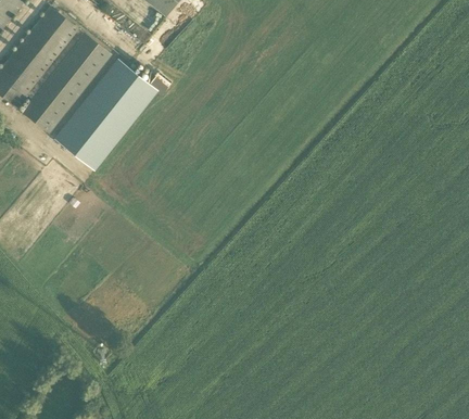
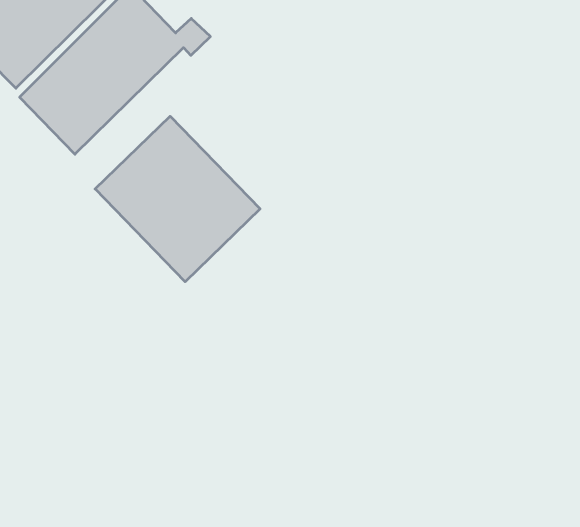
building: none -> [95,116,260,282]

